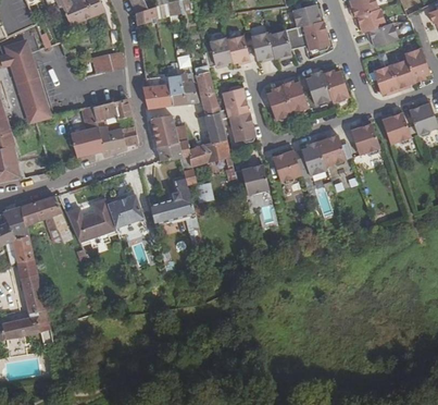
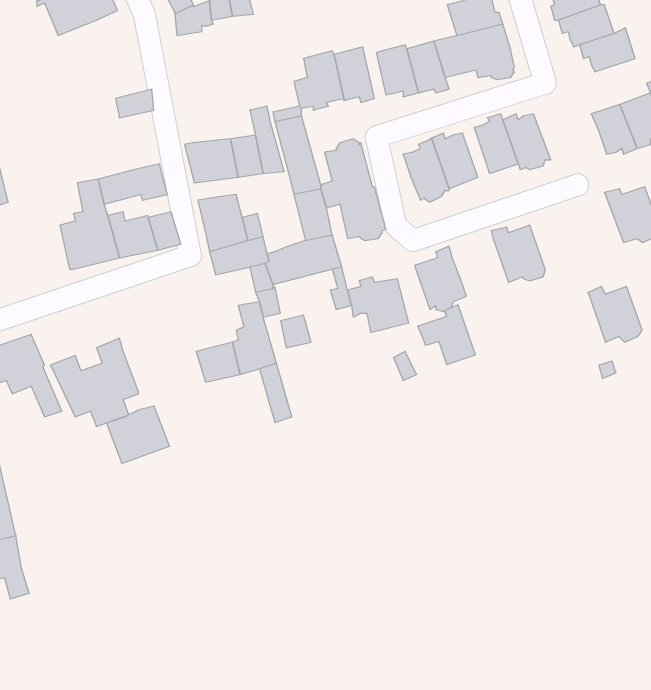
building: [349,122,379,154] -> [588,287,642,342]
building: [293,140,326,174] -> [418,305,475,364]
building: [107,195,142,228] -> [106,406,170,464]

